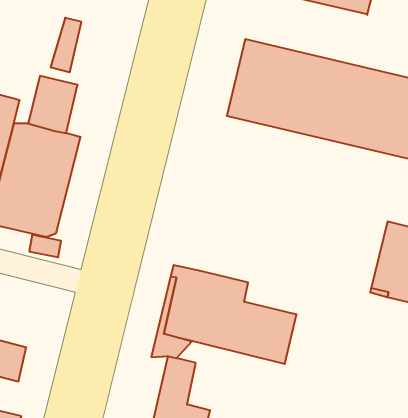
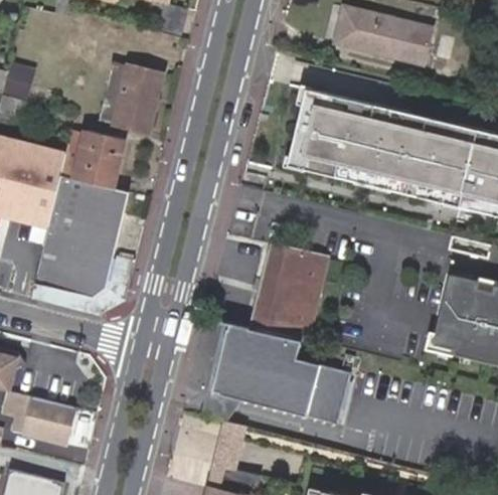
building: none -> [114,59,164,131]
building: none -> [254,246,330,343]

